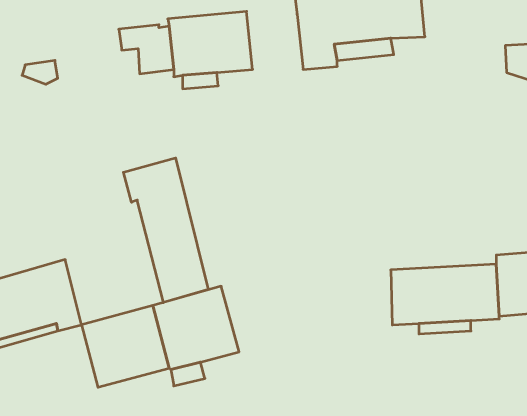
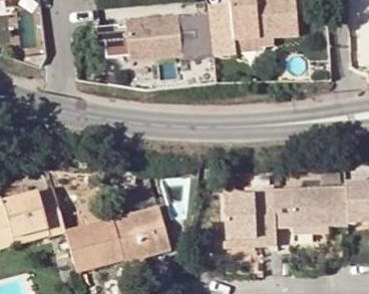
building: none -> [191,20,215,60]
building: [123,158,208,303] -> none
building: none -> [222,191,276,247]

